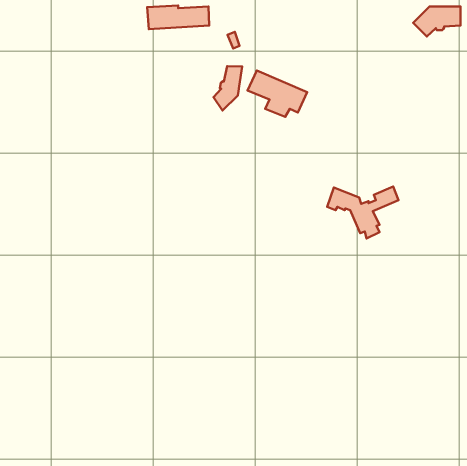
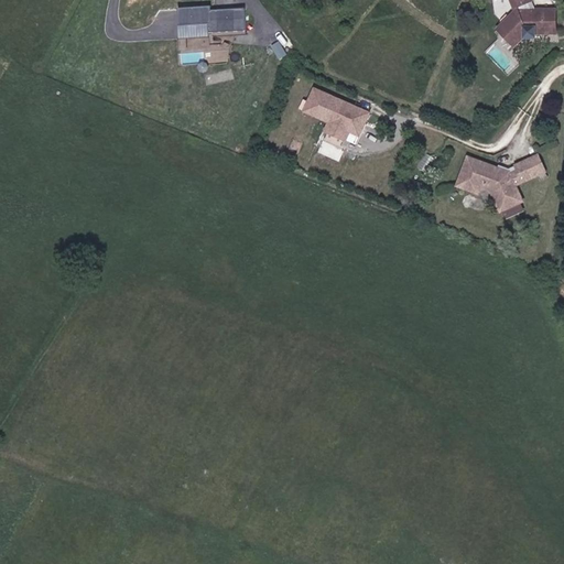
building: [213,66,242,110] -> none
building: [327,187,399,239] -> [457,153,543,216]

